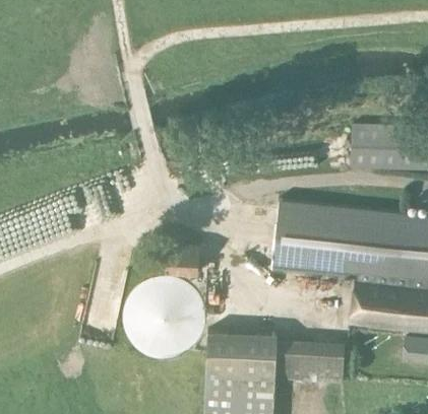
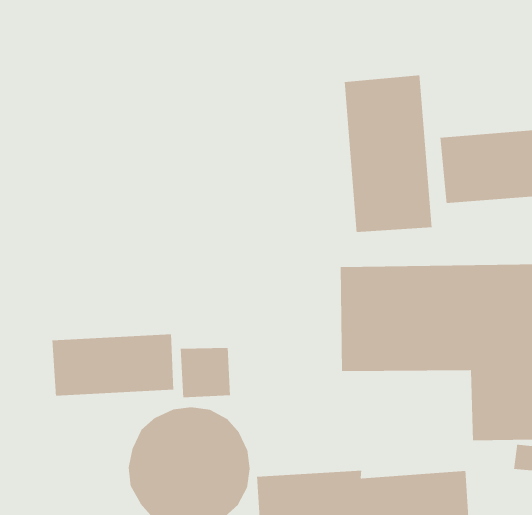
building: none -> [344,75,433,233]
building: none -> [51,333,174,396]

